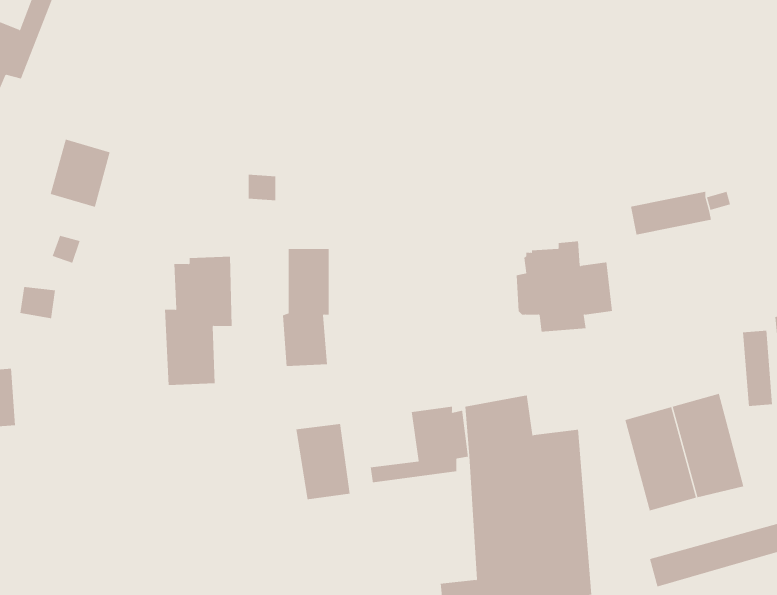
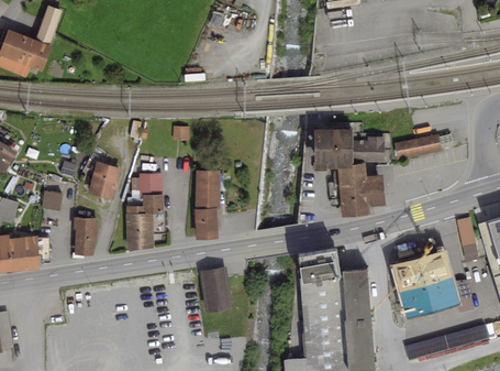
building: [50,139,111,208] -> [87,161,122,200]
building: none -> [315,122,391,168]
building: none -> [74,215,98,253]
building: [370,406,469,483] -> none

